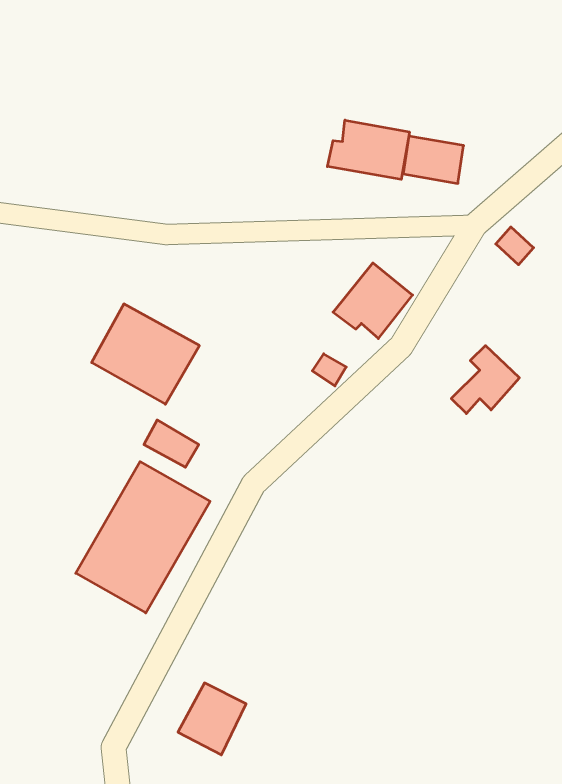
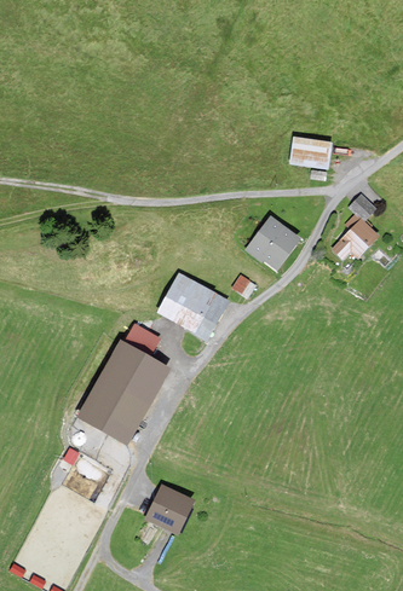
building: [327,120,409,179] -> none
building: [92,304,199,404] -> [157,274,226,338]
building: [451,346,519,414] -> [332,214,375,257]

